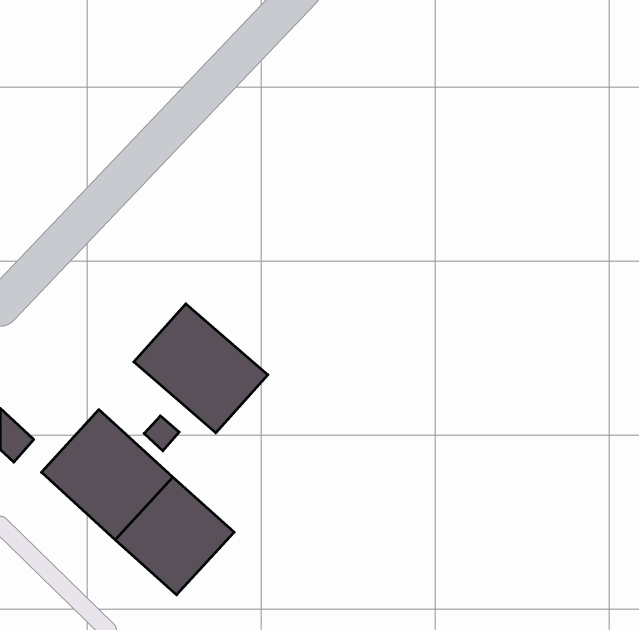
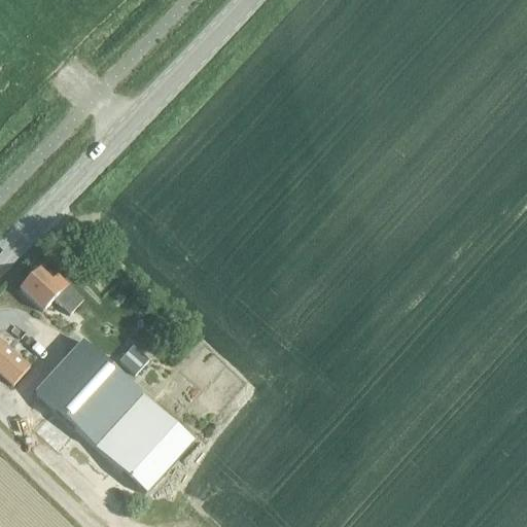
building: [134,304,268,433] -> none
building: none -> [21,264,84,312]

